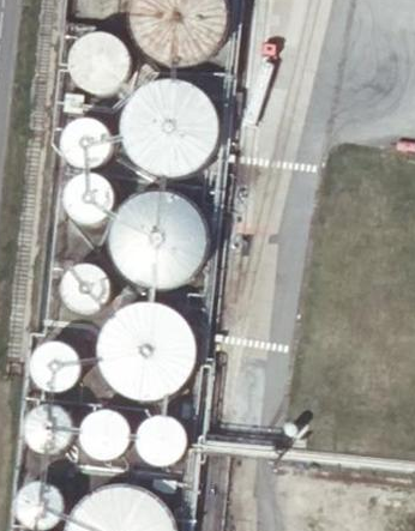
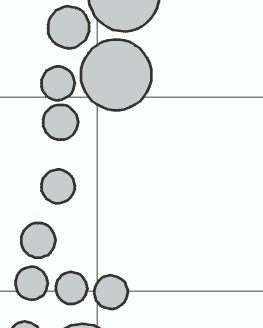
building: [107,189,205,289] -> none
building: [98,300,197,399] -> none

